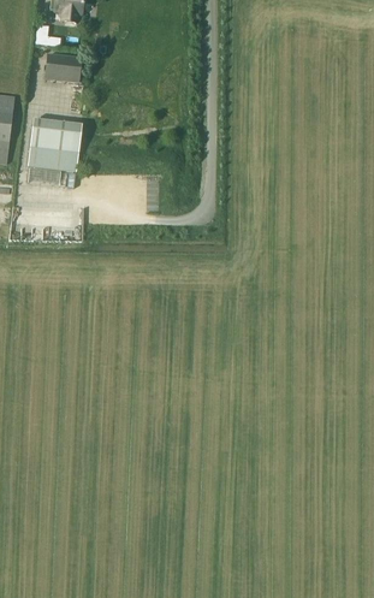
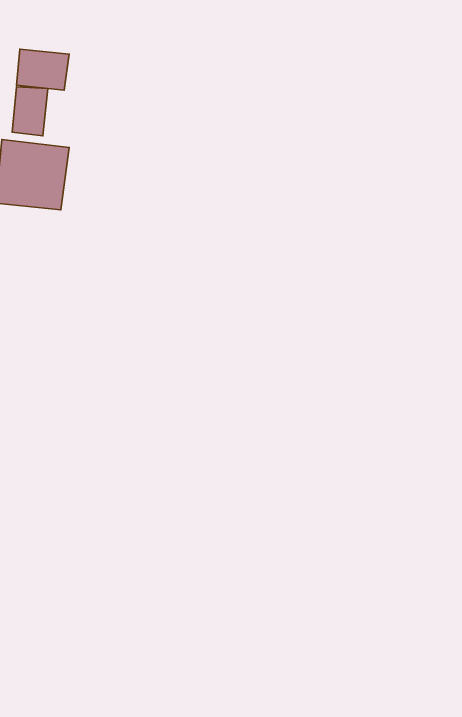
building: none -> [12,87,48,136]

